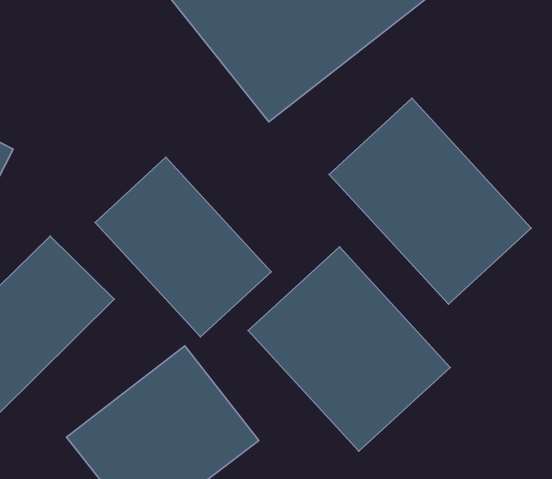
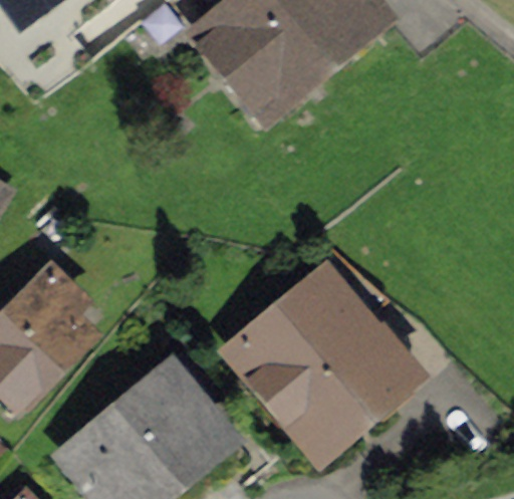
building: [329,98,531,304] -> none
building: [95,157,271,337] -> none

